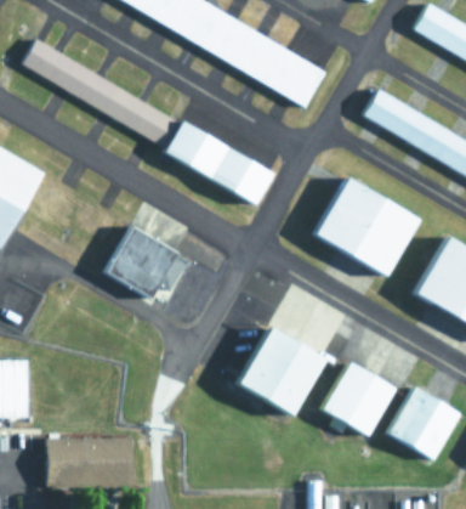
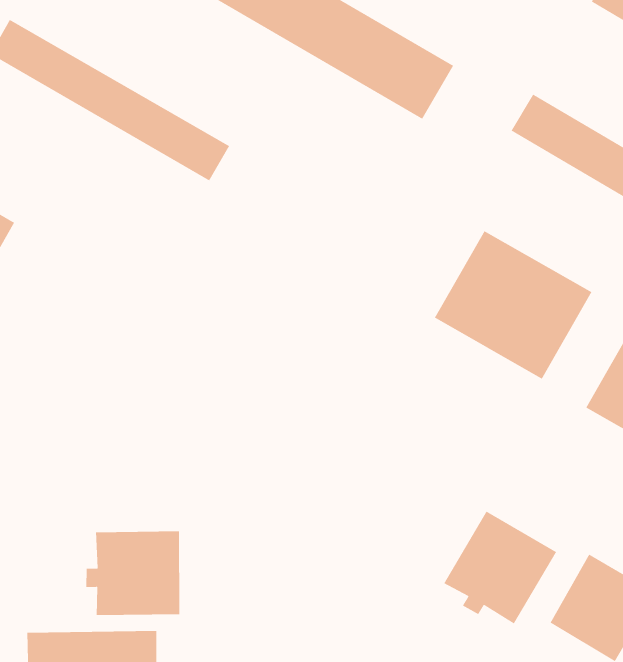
building: [164,120,277,208] -> none
building: [107,227,191,299] -> none
building: [234,327,320,413] -> none
building: none -> [86,531,180,616]

